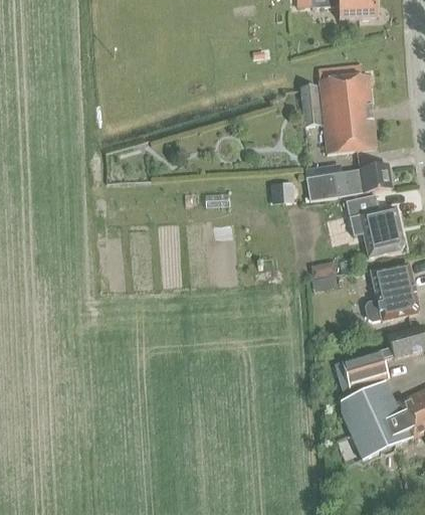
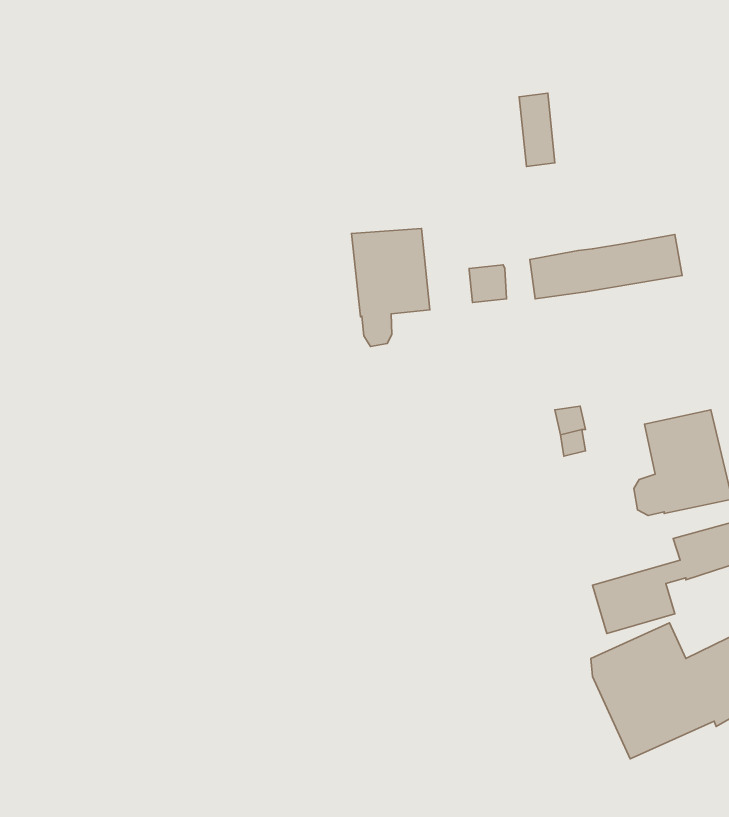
building: [320,73,377,152] -> none
building: none -> [351,229,430,346]
building: [346,193,404,255] -> none

